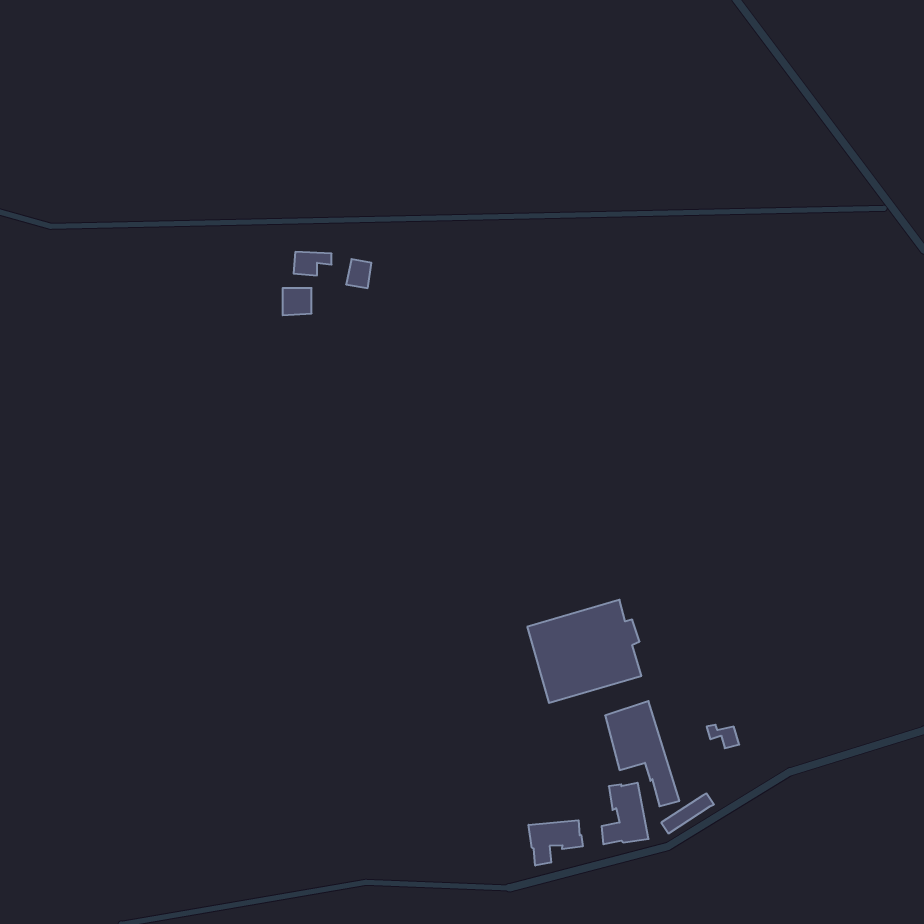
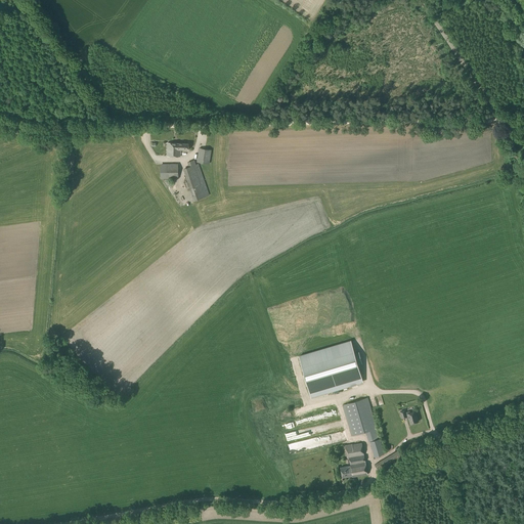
building: none -> [183,160,208,201]
building: [529,820,583,866] -> none

